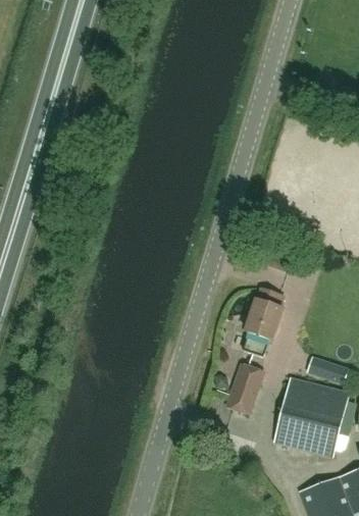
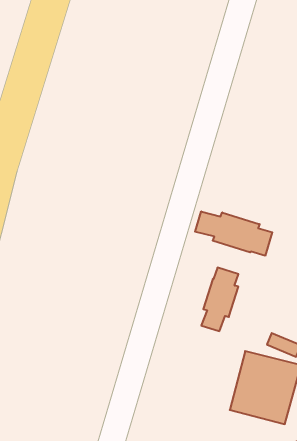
building: none -> [195,211,272,256]
building: [225,365,262,415] -> none

